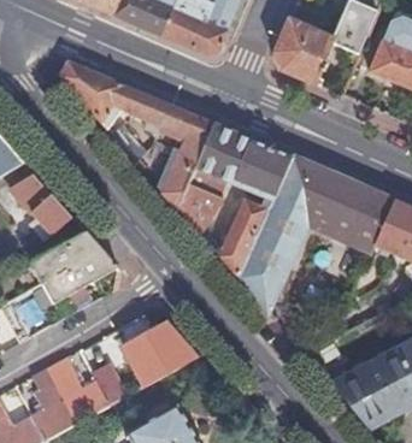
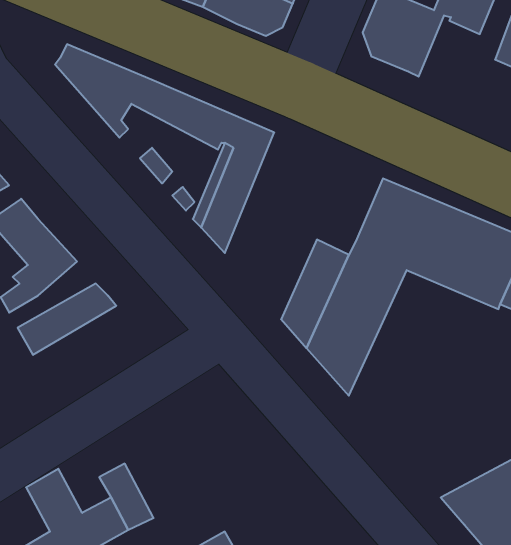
building: [177,124,289,235] -> none
building: [41,247,117,302] -> none
building: [125,324,196,385] -> none

